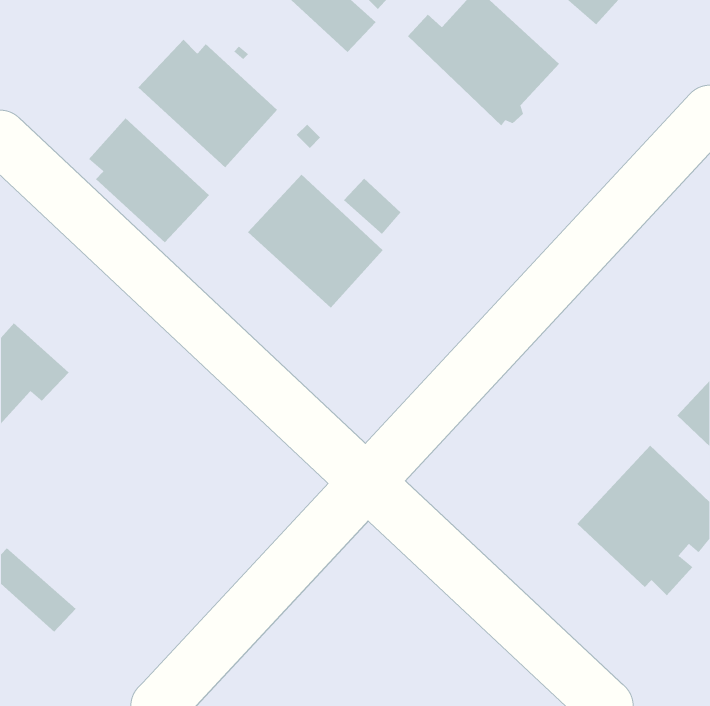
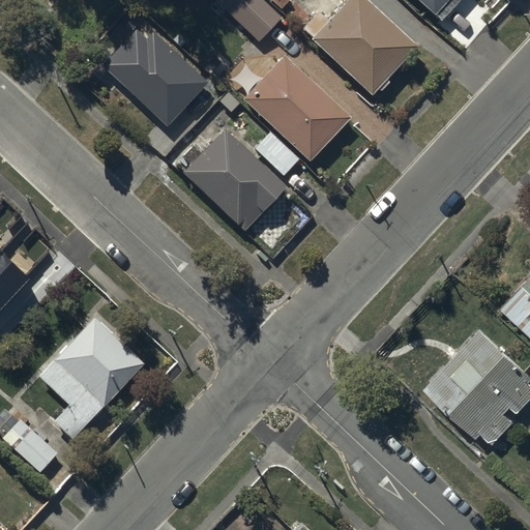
building: none -> [243,56,351,160]
building: [88,118,210,243] -> none
building: none -> [36,318,143,439]

